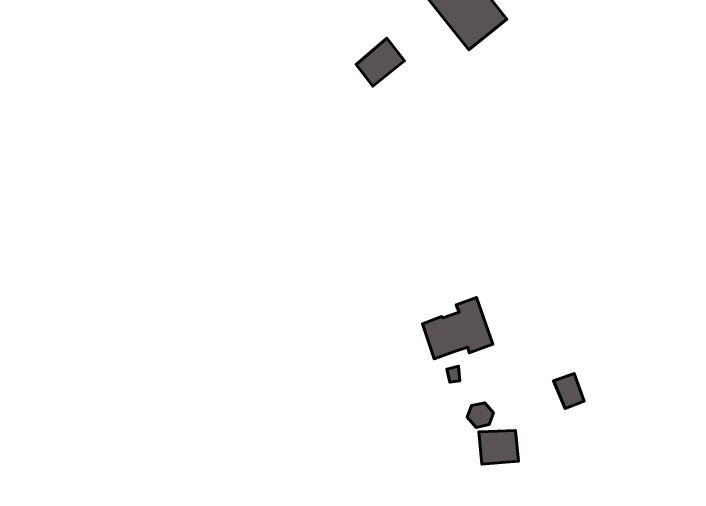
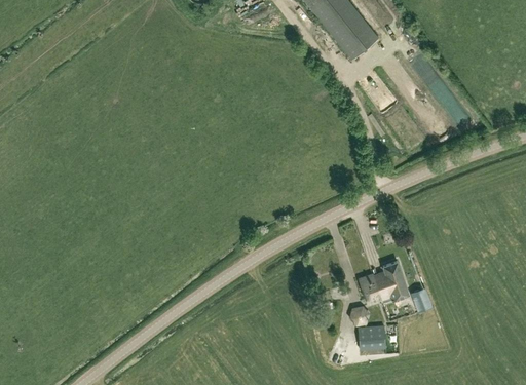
building: [356,38,405,86] -> none
building: [422,297,493,359] -> [359,260,408,303]

